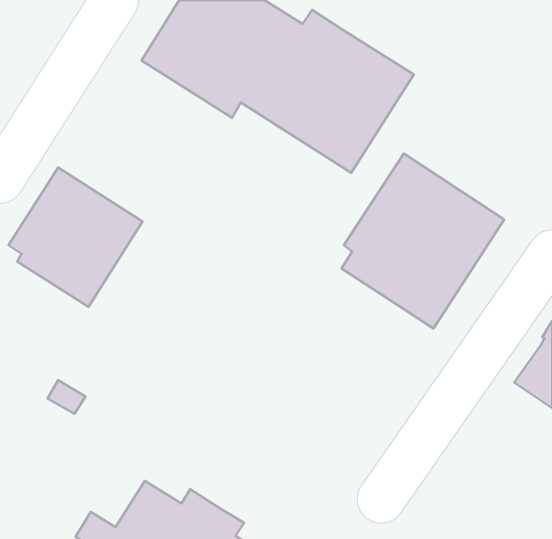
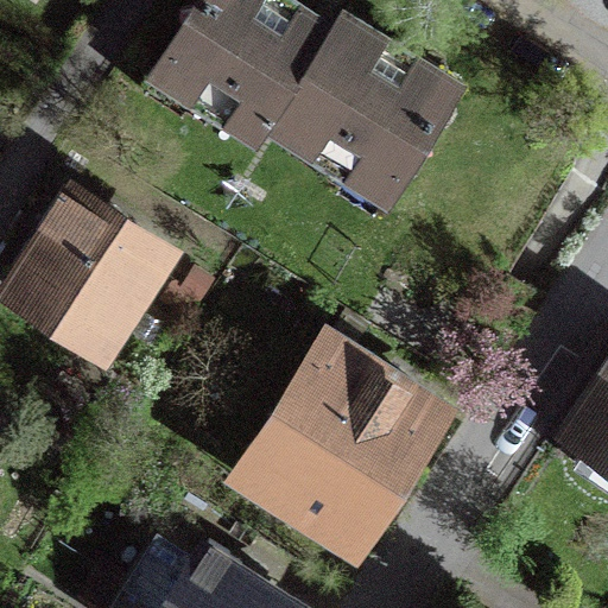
building: [341,154,504,328] -> none
building: none -> [254,348,437,542]

